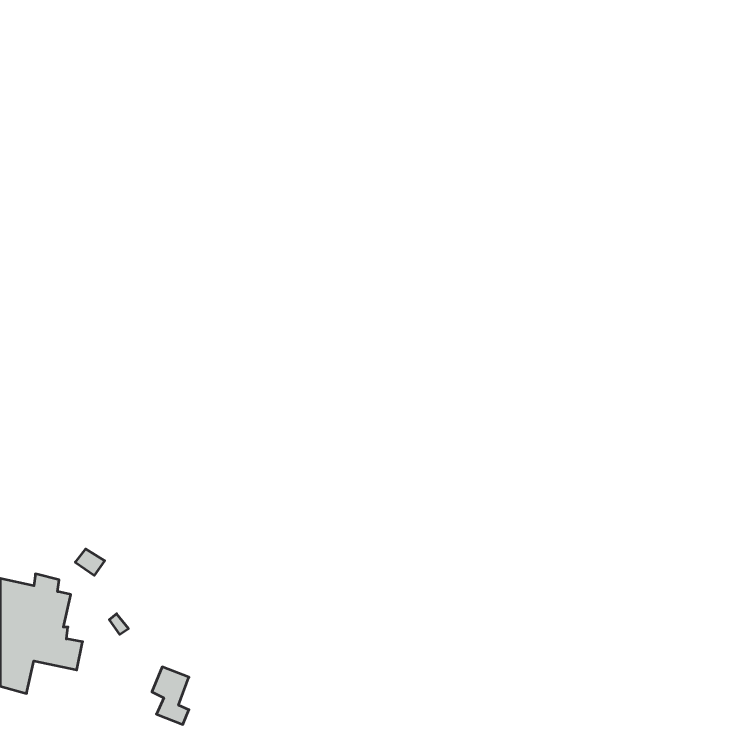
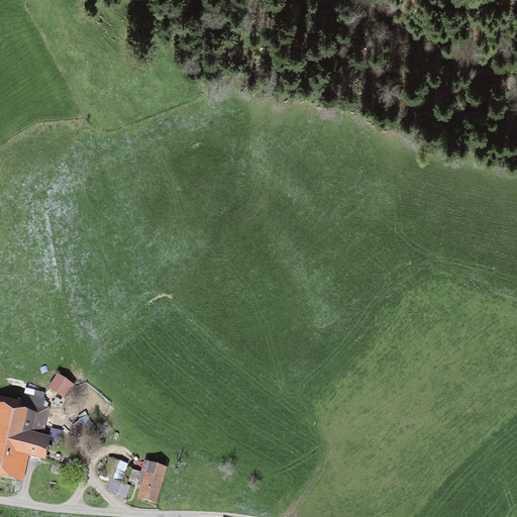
building: none -> [136,462,166,503]

